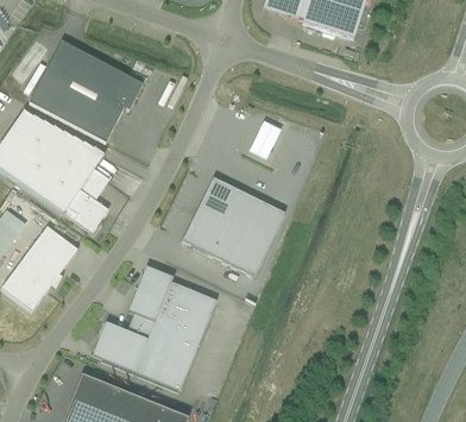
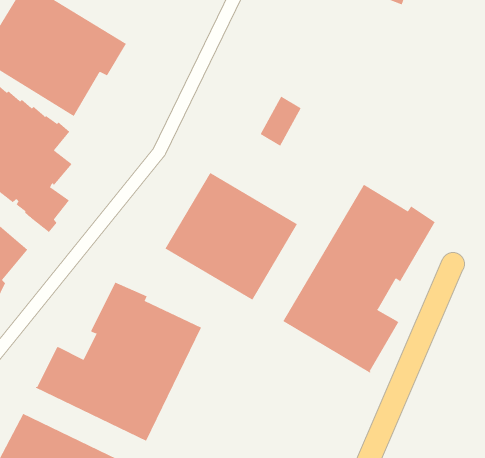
building: none -> [282,184,436,373]

